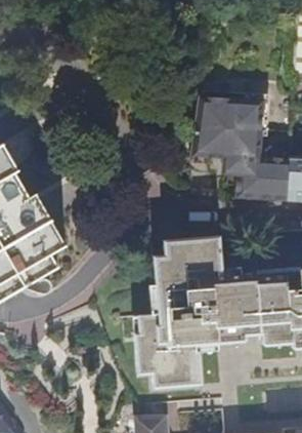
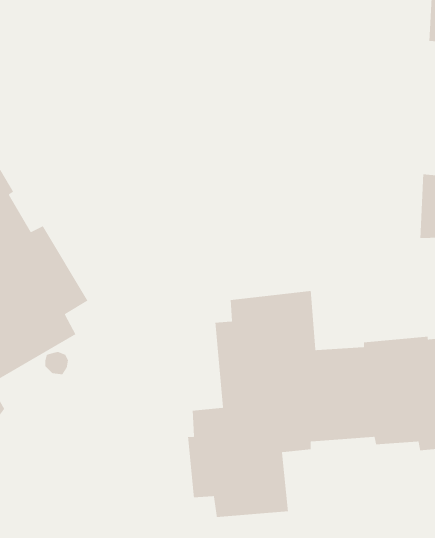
building: [192,97,291,203] -> none

